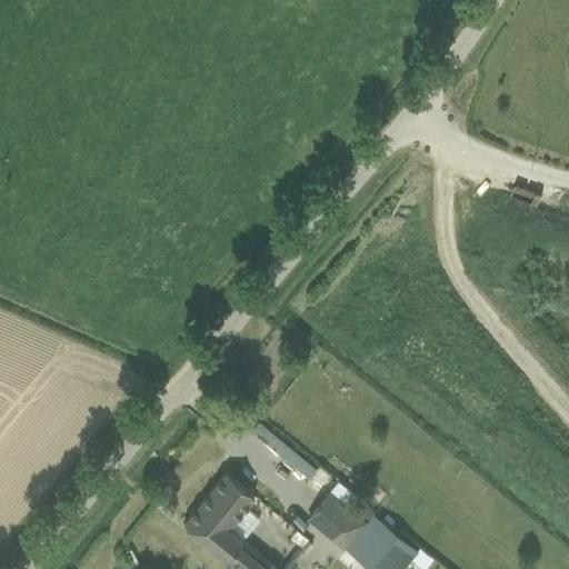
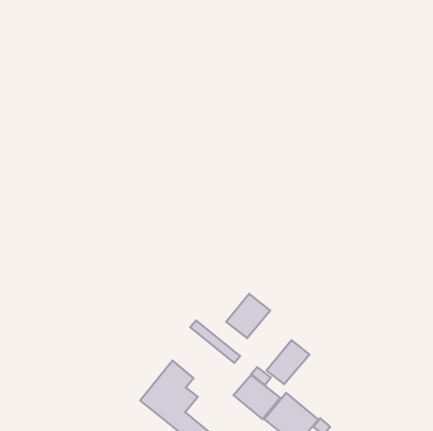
building: none -> [226,294,270,338]
building: none -> [267,340,309,384]

